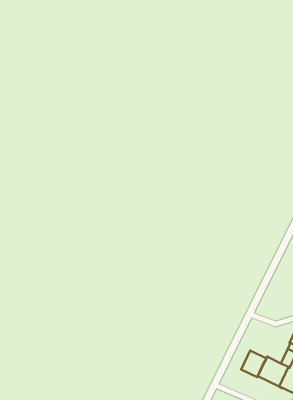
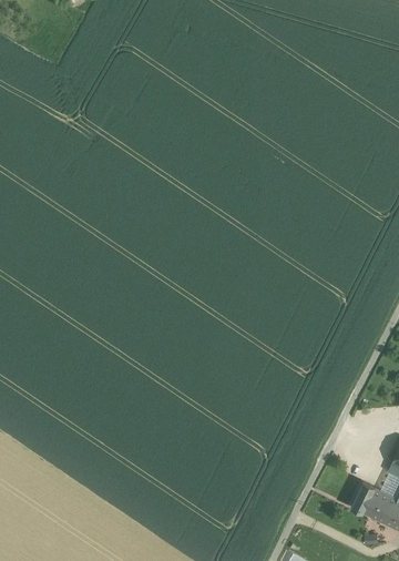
building: [241,351,266,377] -> none

